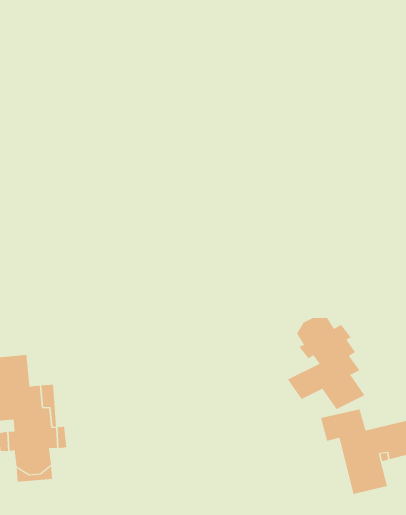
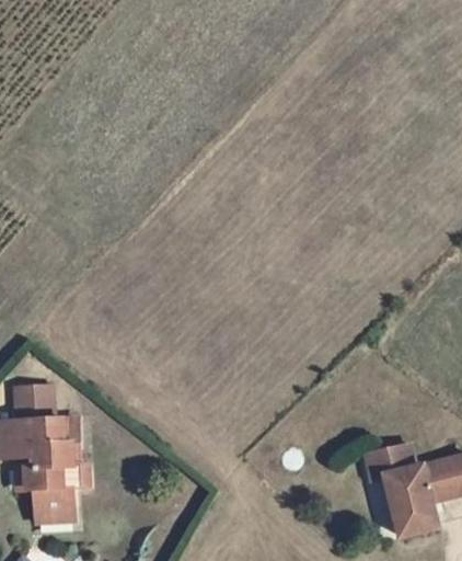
building: [287,317,365,410] -> none

